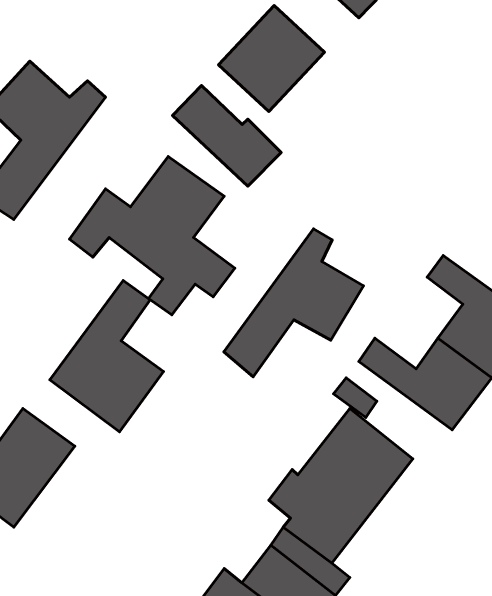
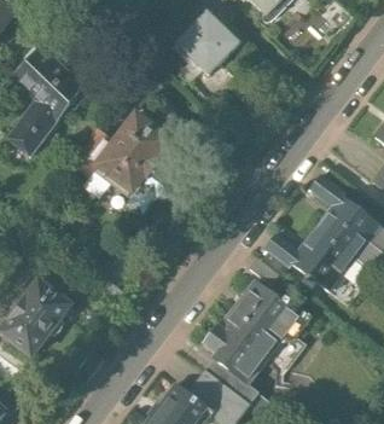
building: [172,85,281,186] -> none
building: [224,229,363,377] -> none
building: [50,281,163,432] -> none

